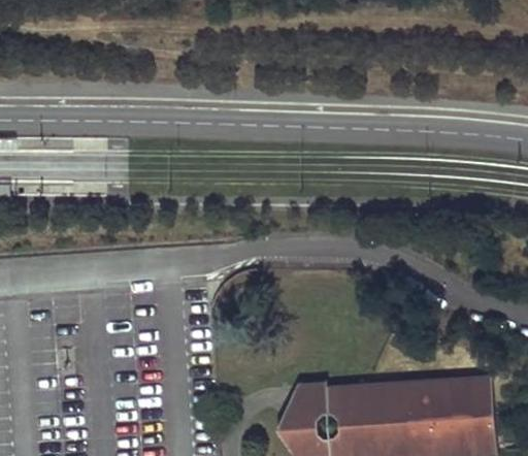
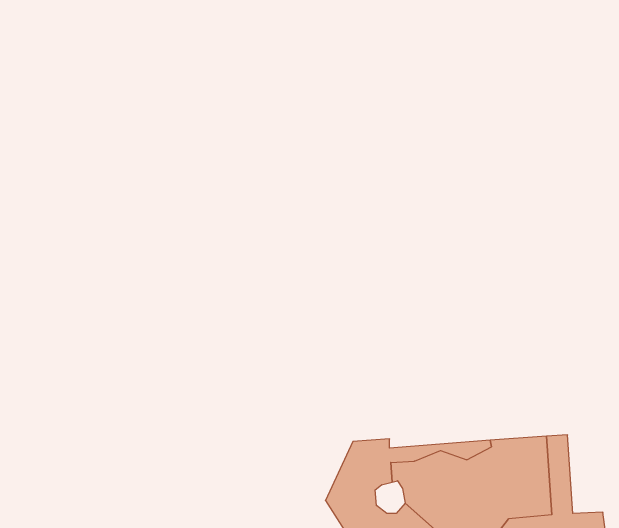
building: [466,376,494,439] -> none

